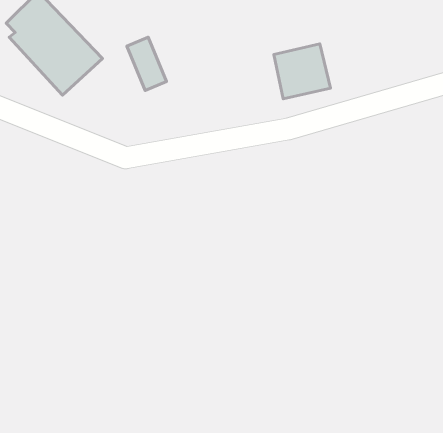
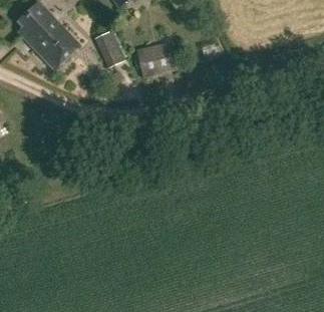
building: [274,44,330,99] -> [138,41,176,77]

